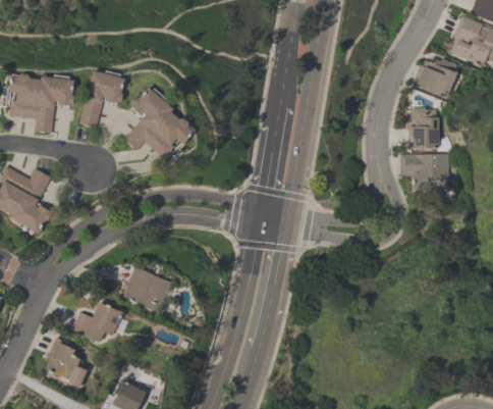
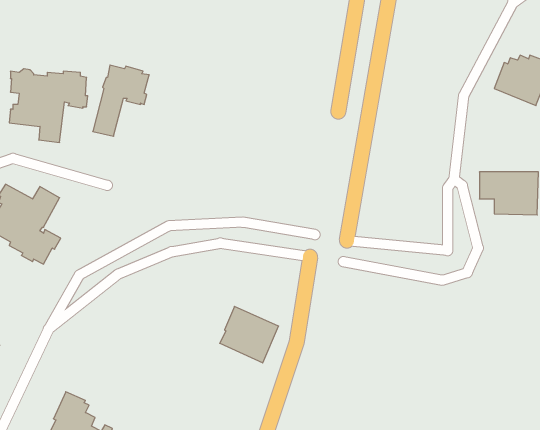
building: [124,85,196,159] -> none
building: [407,108,439,149] -> none
building: [122,266,171,313] -> [220,306,279,363]
building: [71,301,123,344] -> none

